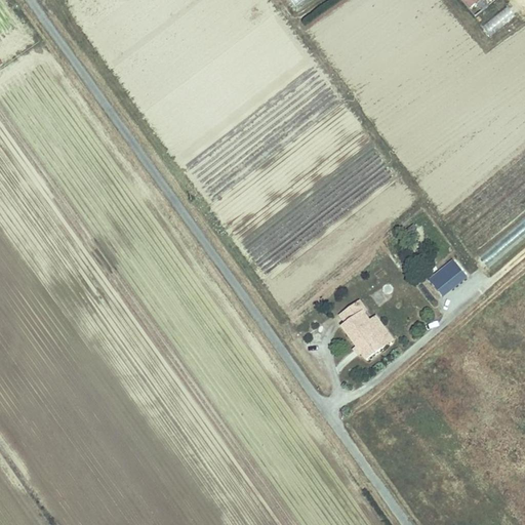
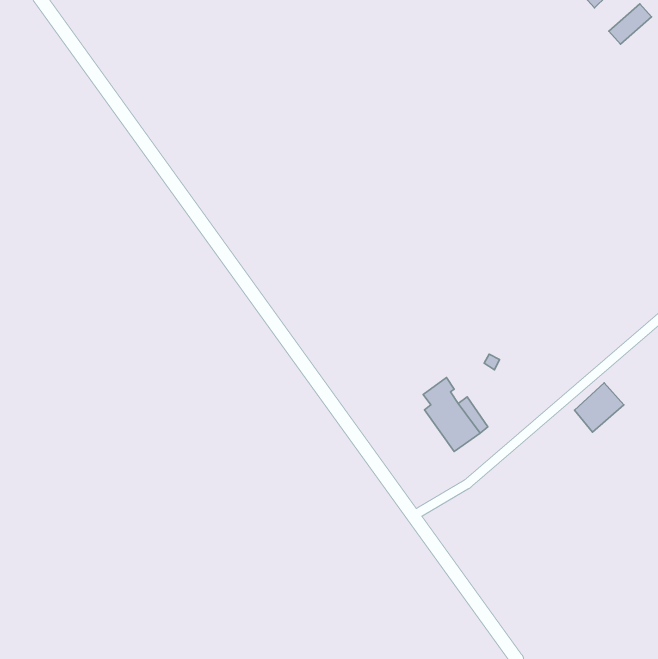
building: [433,256,472,295] -> [574,383,624,432]

